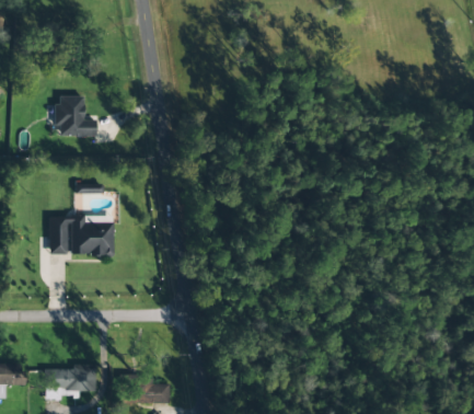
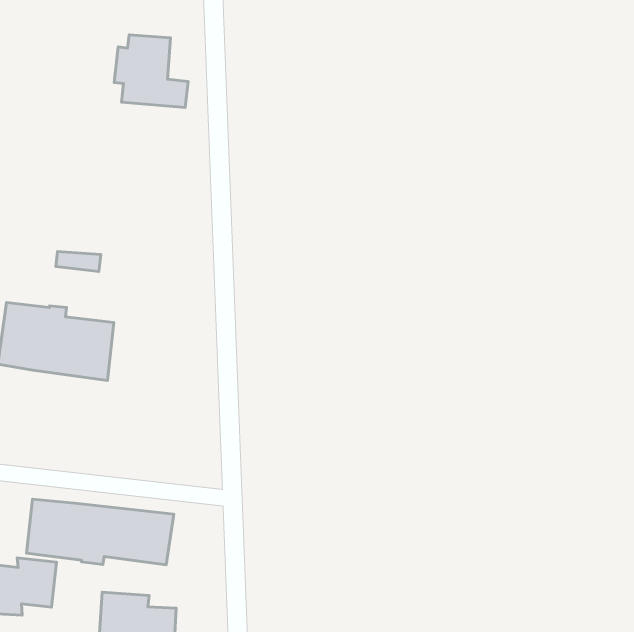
building: [55,95,97,136] -> [114,35,188,108]
building: none -> [27,499,174,565]

